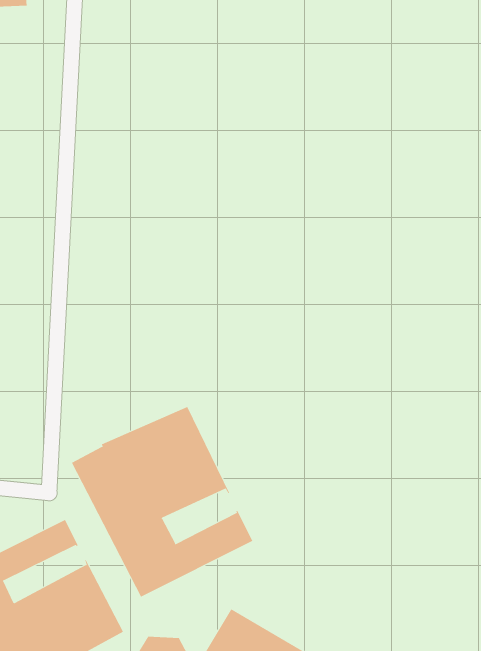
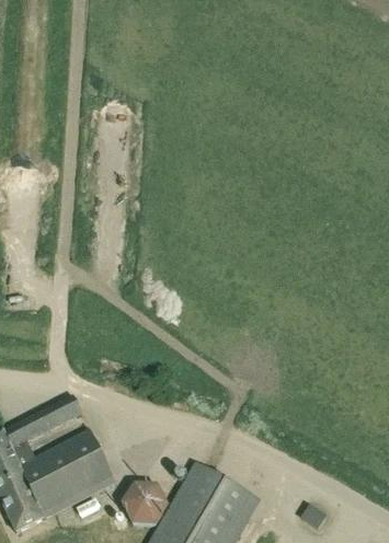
building: [71,406,253,597] -> none

